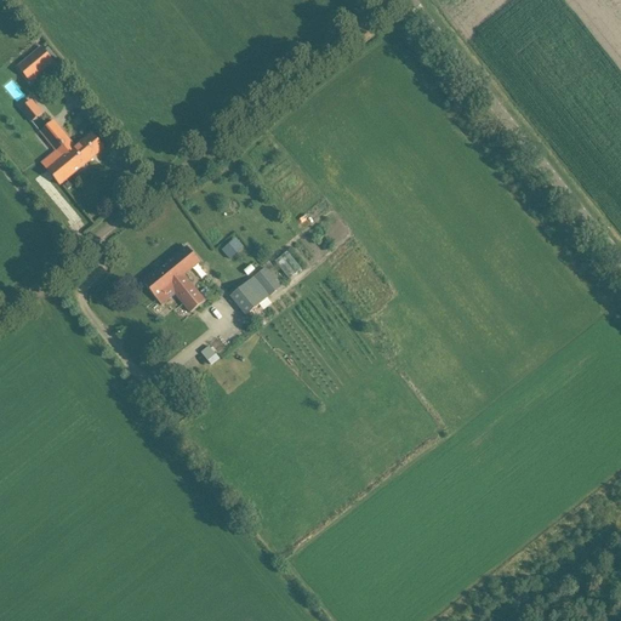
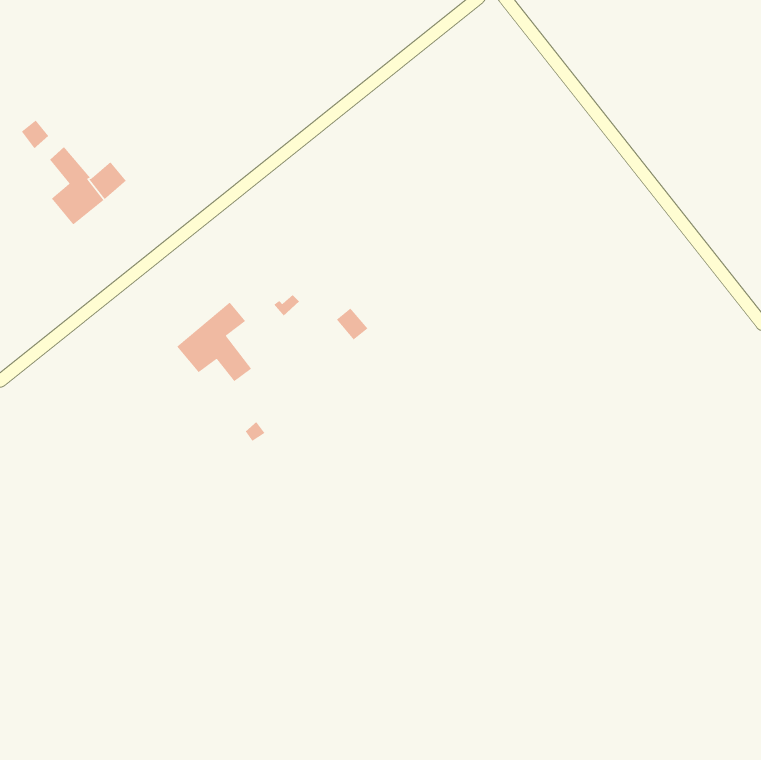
building: [18,40,55,80] -> none
building: [232,266,281,314] -> none

